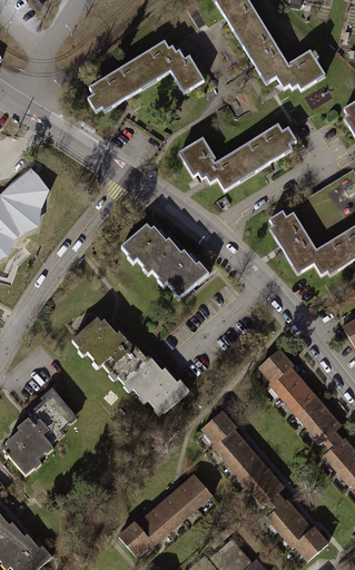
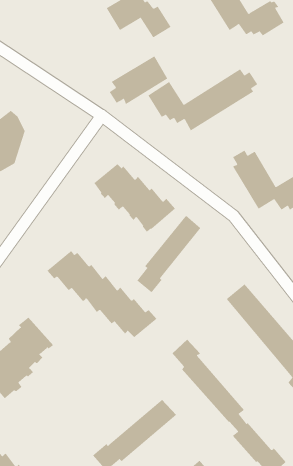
building: [85,59,148,111] -> [109,56,168,105]
building: none -> [136,215,201,293]

